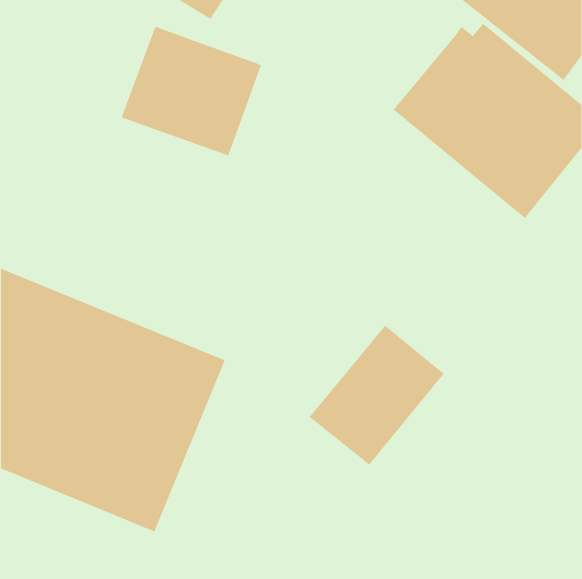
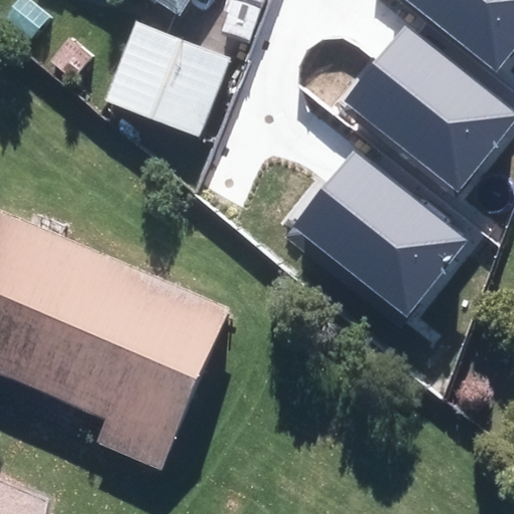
building: none -> [293,144,480,317]
building: [309,325,445,465] -> none

